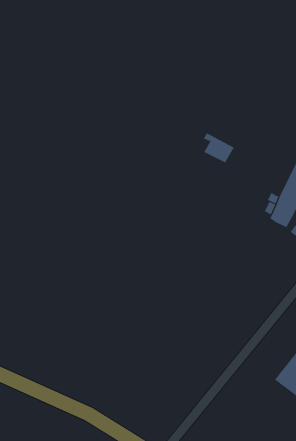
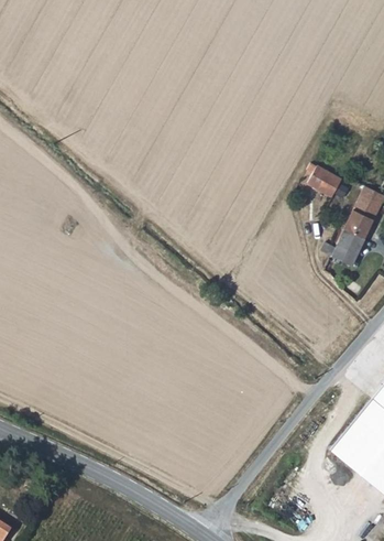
building: [203,133,234,163] -> [306,163,341,197]

